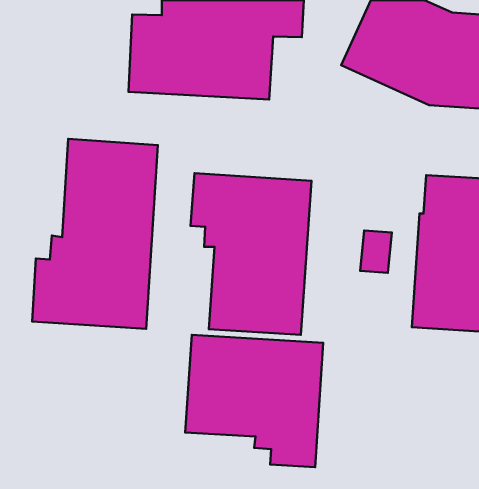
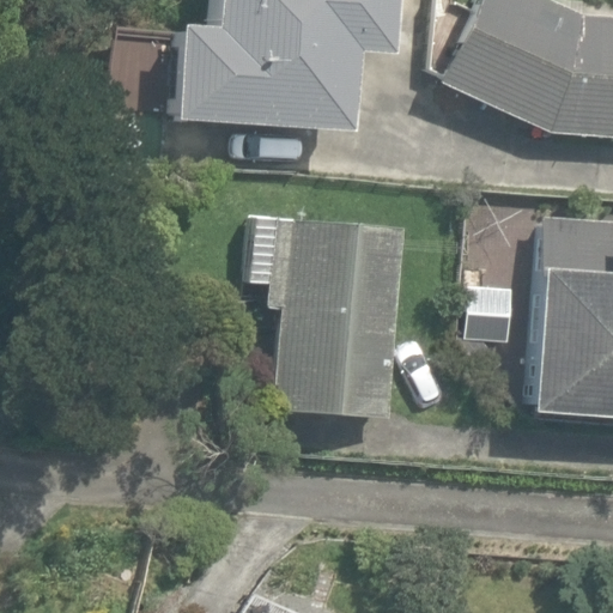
building: [32,139,158,329] -> none
building: [185,335,323,467] -> none

